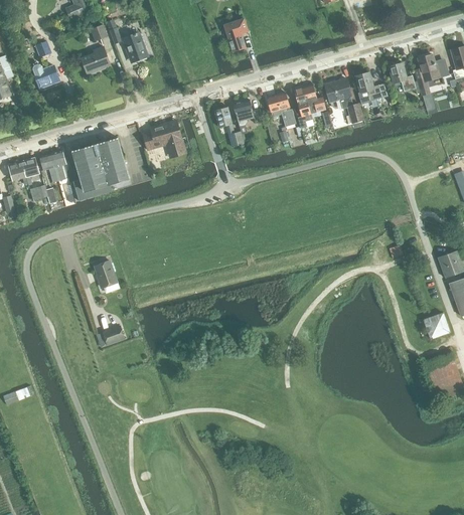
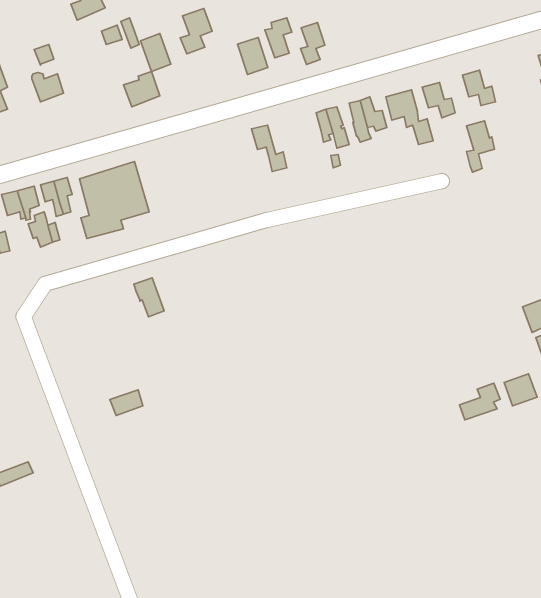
building: none -> [180,8,212,54]
building: none -> [301,23,325,65]
building: none -> [238,37,268,74]
building: [80,45,110,74] -> [123,71,160,107]
building: [417,53,440,96] -> [466,121,494,172]
building: [233,99,261,126] -> none
building: [142,119,186,158] -> none
building: [94,261,119,293] -> [134,278,164,317]
building: none -> [459,383,500,420]

